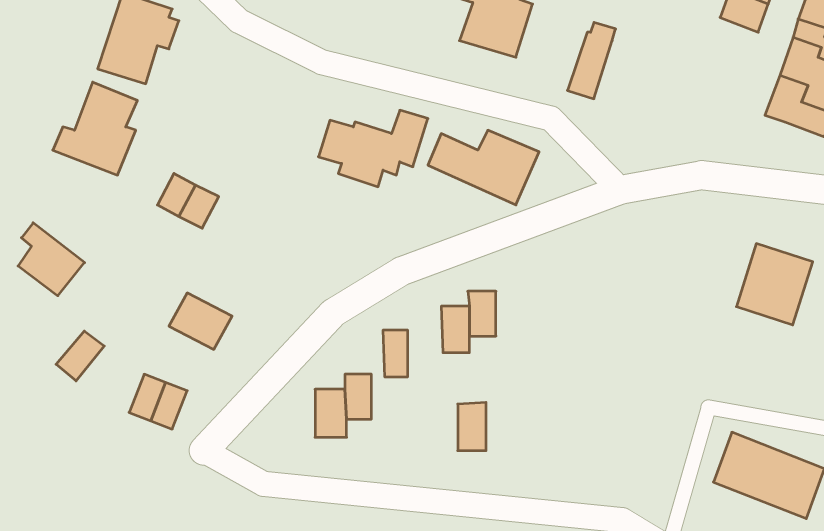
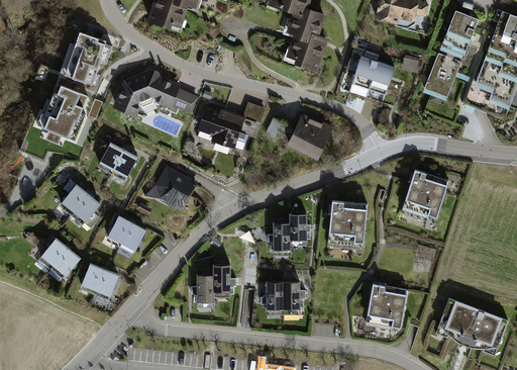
building: none -> [424,53,461,98]
building: none -> [366,61,394,101]
building: none -> [111,70,197,118]
building: none -> [156,166,198,206]
building: [18,223,85,296] -> [61,178,101,222]
building: [736,244,813,325] -> [403,170,449,219]
building: none -> [328,200,368,244]
building: [383,330,408,377] -> [268,282,283,310]
building: none -> [50,247,80,278]
building: none -> [367,284,407,328]

